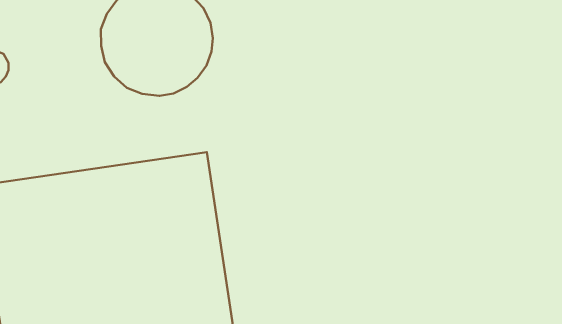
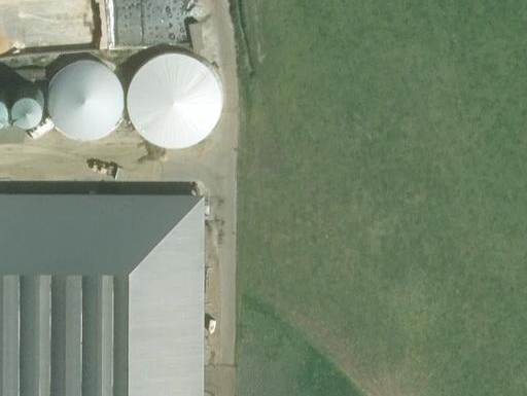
building: none -> [46,57,126,136]

